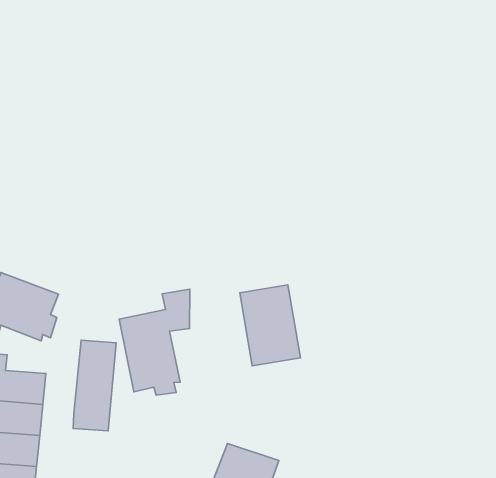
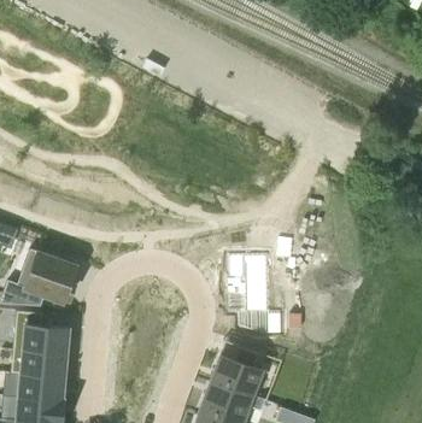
building: [119,289,190,395] -> none
building: [73,340,116,431] -> none
building: none -> [211,342,263,396]

